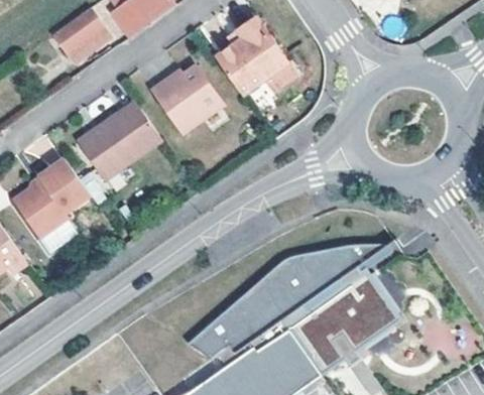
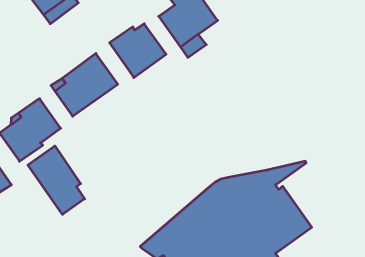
building: none -> [28,146,85,214]

